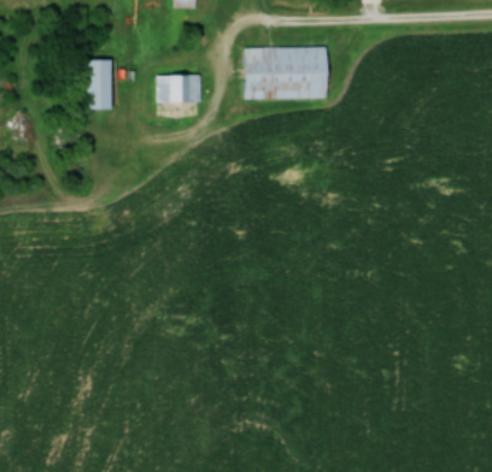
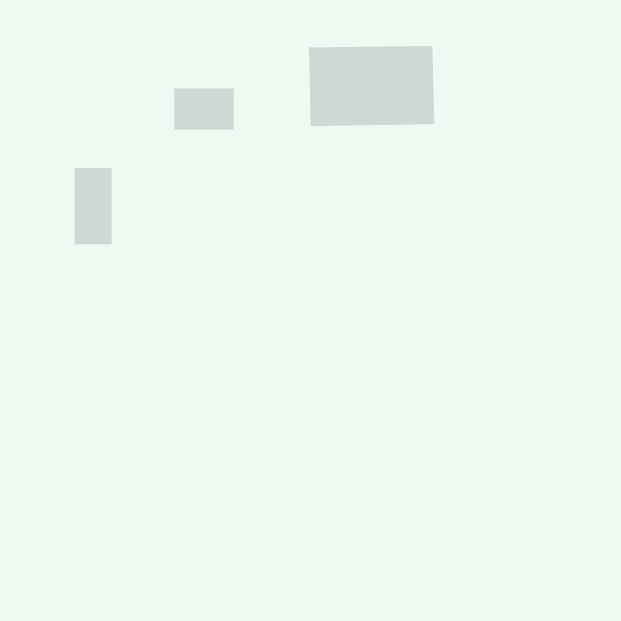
building: [87,59,112,110] -> [74,167,112,245]

